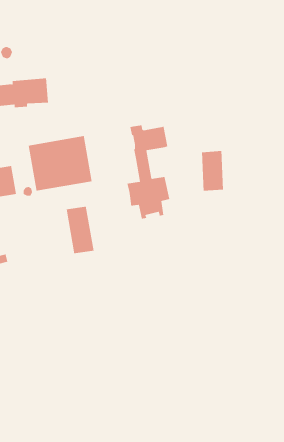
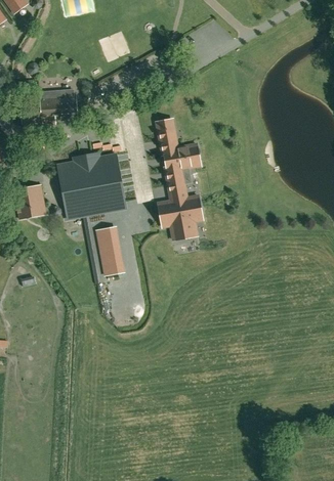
building: none -> [157,118,176,144]
building: [202,150,223,192] -> none

